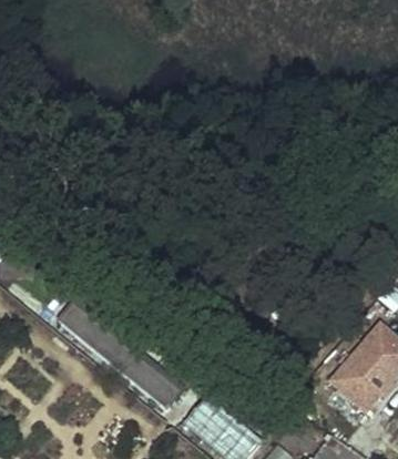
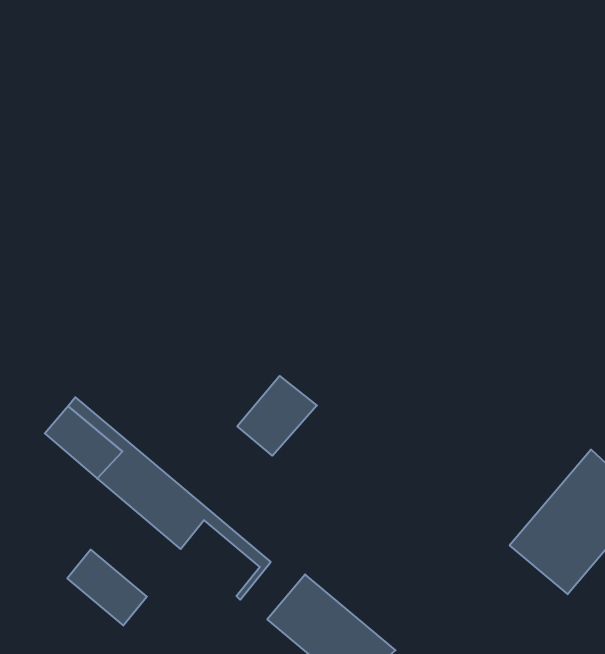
building: none -> [237,376,317,456]
building: [130,363,178,409] -> [67,550,147,626]

